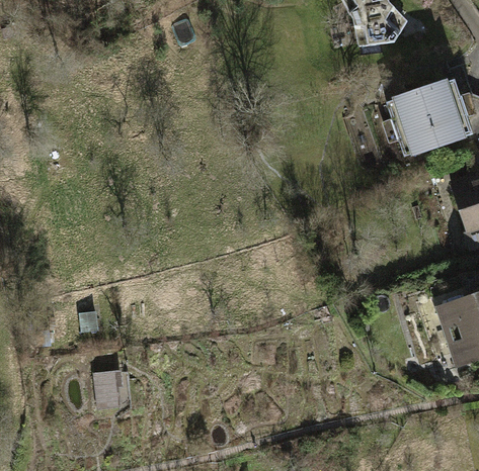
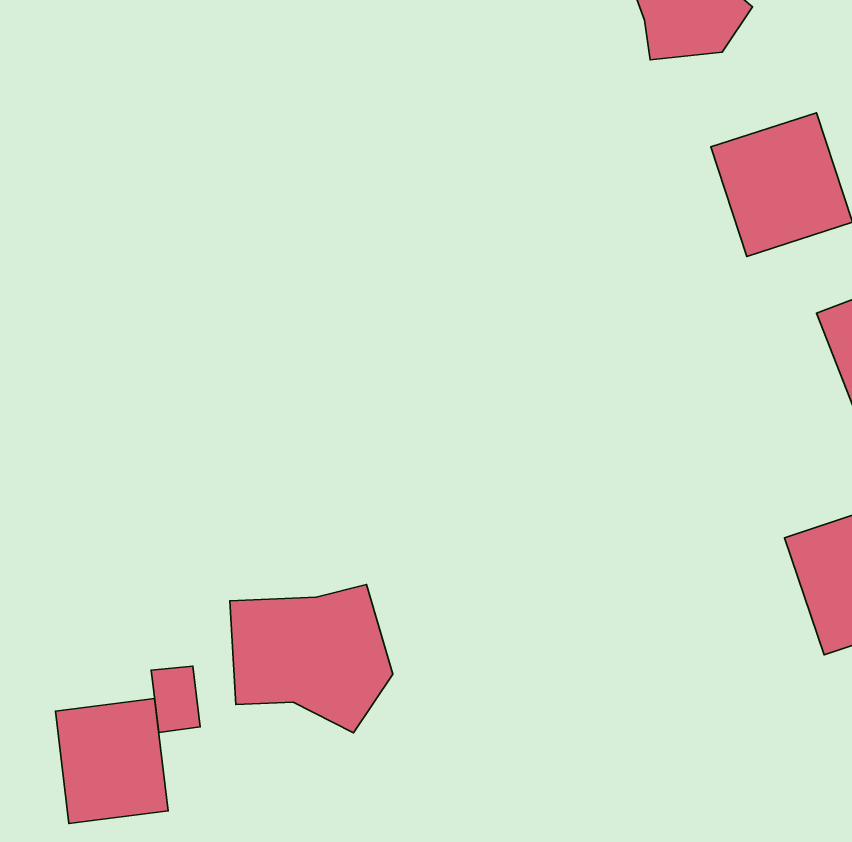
building: none -> [230,584,393,733]
building: none -> [55,699,168,824]

